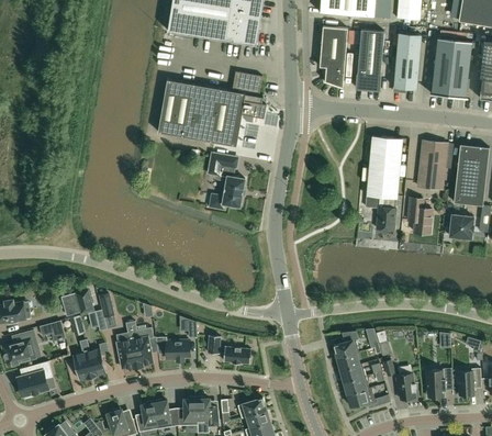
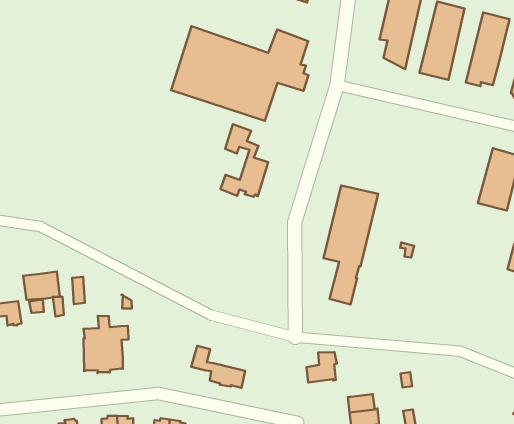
building: [366,135,402,230] -> [323,186,378,305]
building: [407,198,432,233] -> none
building: [333,329,358,357] -> [306,352,337,382]
building: [156,336,189,360] -> none
building: [71,338,105,379] -> none

